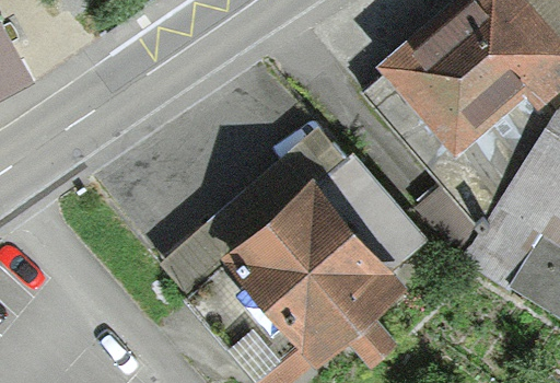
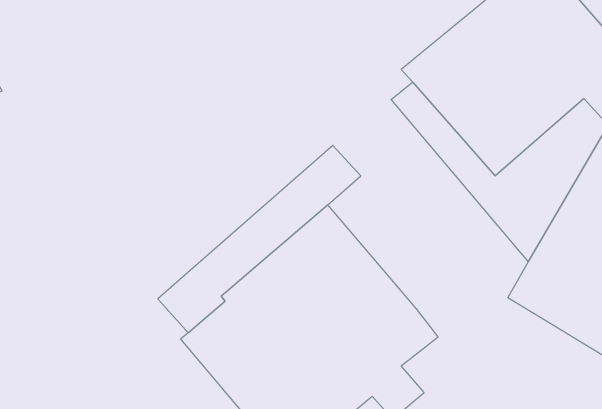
building: [313,149,428,270] -> none

